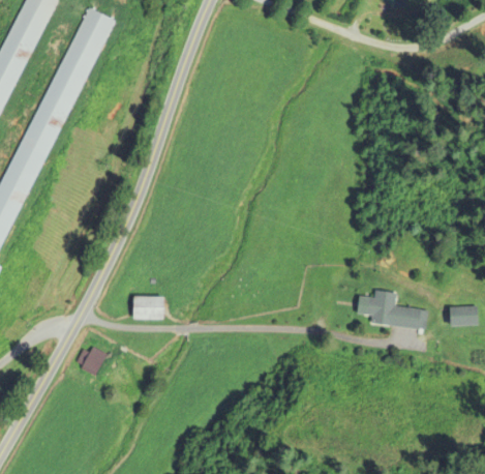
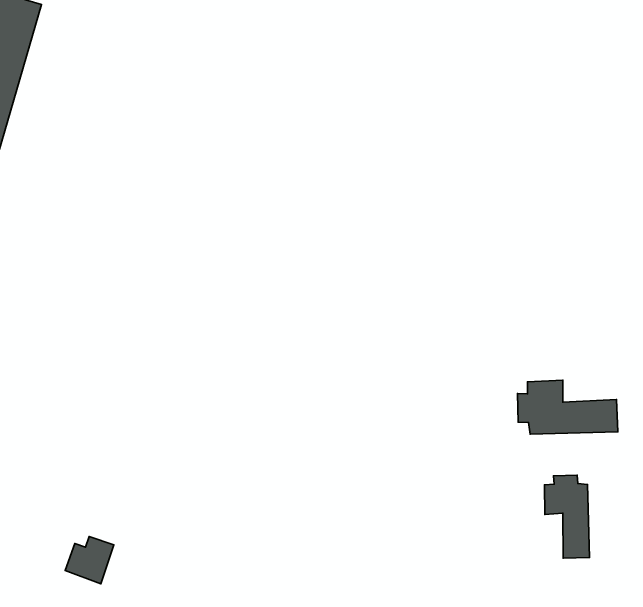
building: [135,297,166,319] -> none
building: none -> [545,475,589,558]

